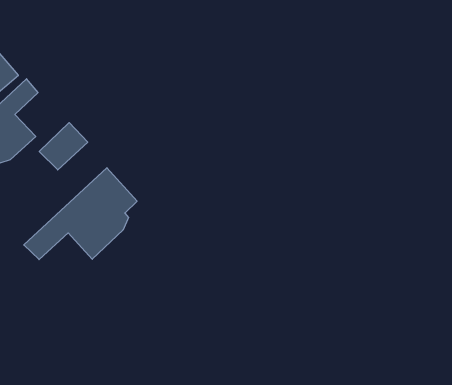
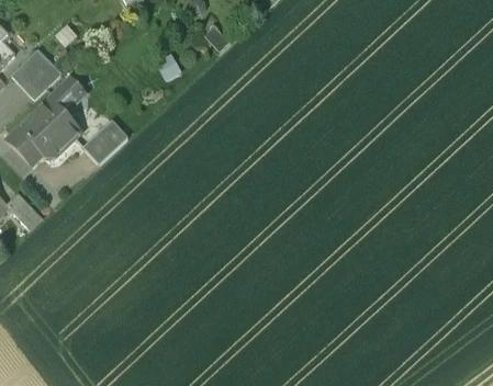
building: [24,168,137,260] -> none

